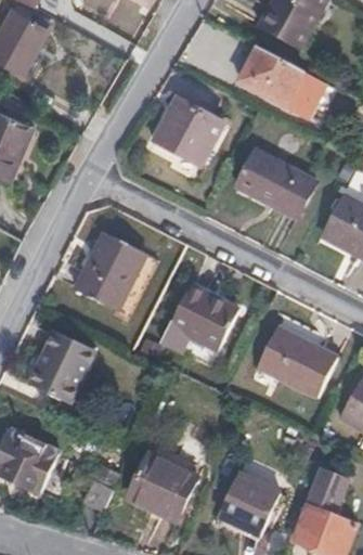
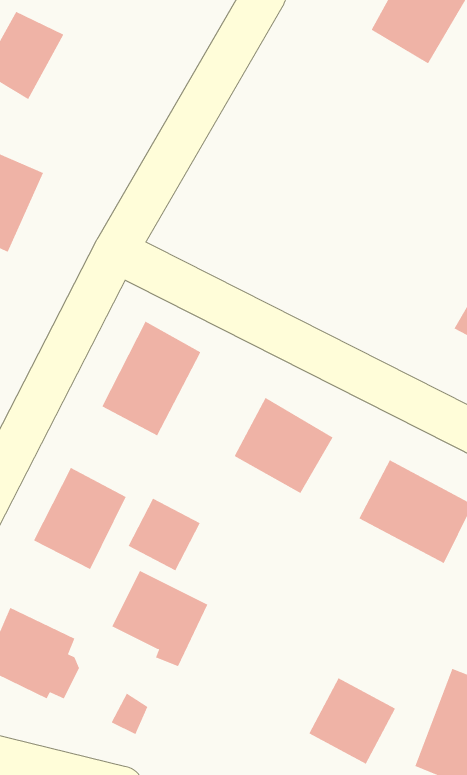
building: [238,48,322,117] -> none
building: [150,96,219,162] -> none
building: [236,151,314,219] -> none
building: none -> [128,498,200,571]
building: [129,455,196,522] -> [112,570,208,667]

